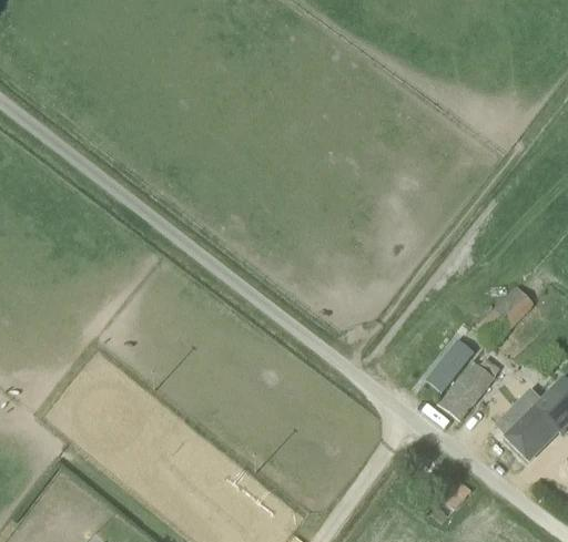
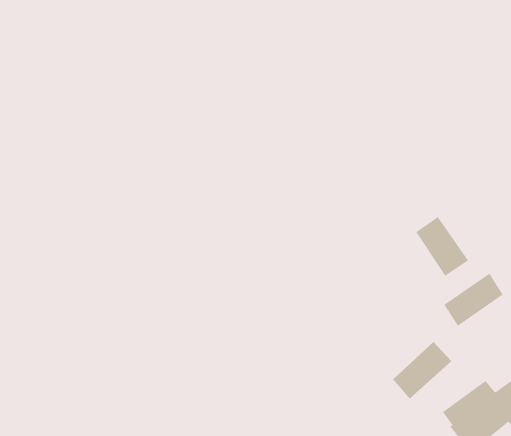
building: none -> [416,216,469,276]
building: [429,342,471,389] -> none

